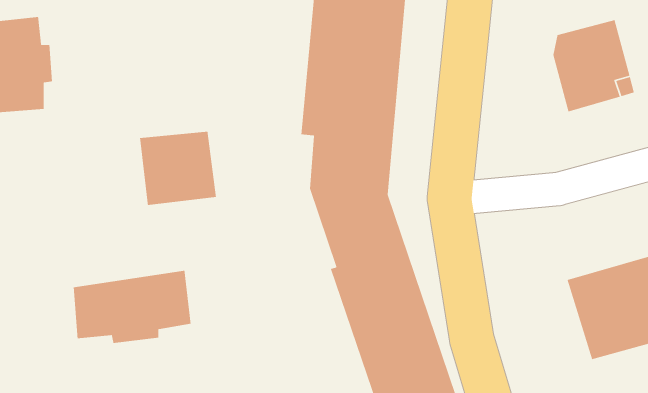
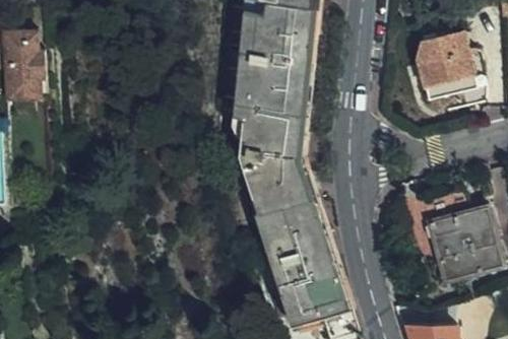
building: [139,131,217,206] -> none
building: [73,270,192,344] -> none

